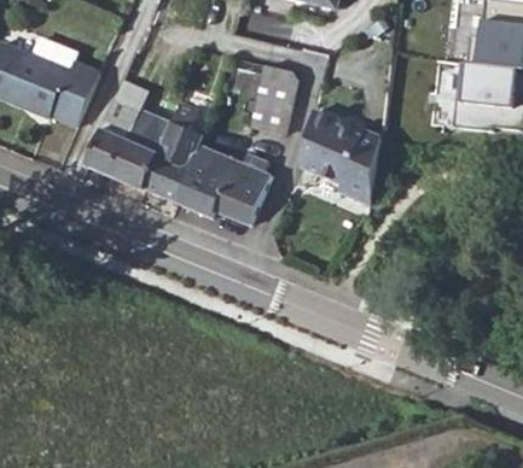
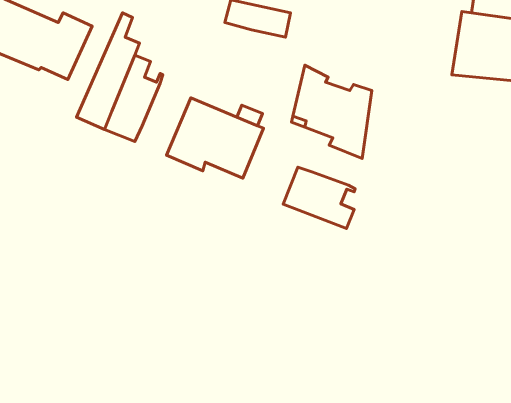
building: [217,77,292,133] -> none
building: [143,101,210,201] -> none
building: none -> [283,167,355,229]

